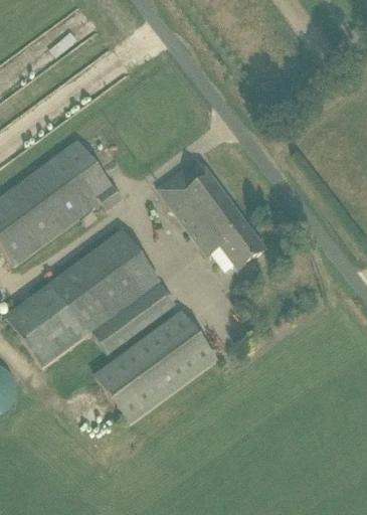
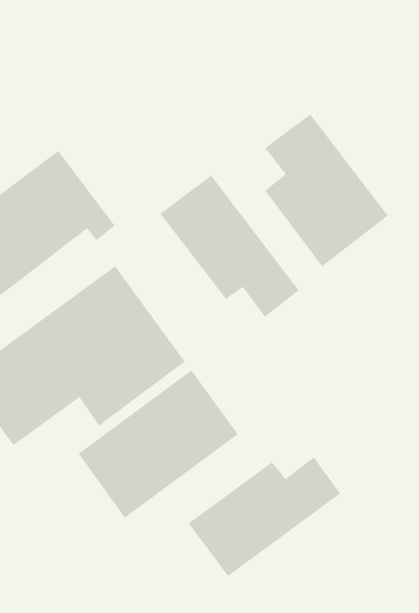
building: none -> [264,113,388,267]
building: none -> [188,456,341,577]

